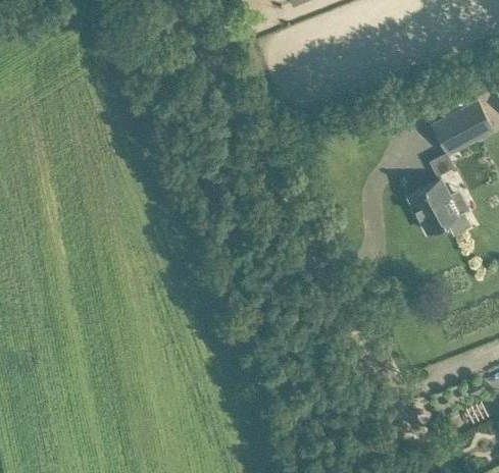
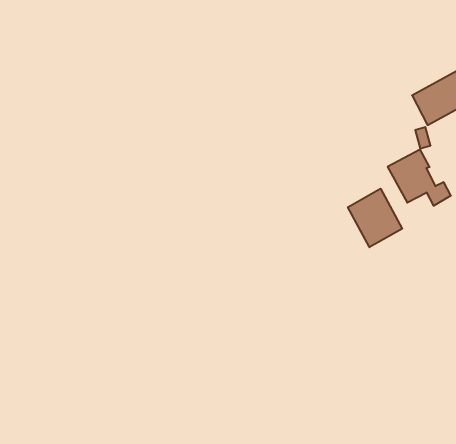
building: none -> [348,189,402,247]

